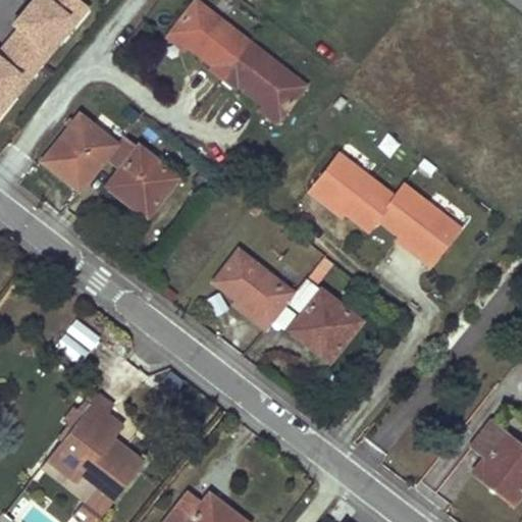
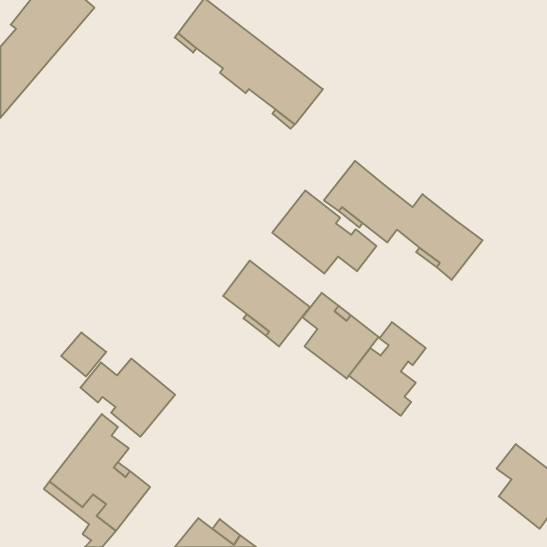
building: [44,113,178,216] -> none
building: none -> [272,190,376,274]
building: none -> [349,322,426,416]
building: none -> [80,359,175,437]

